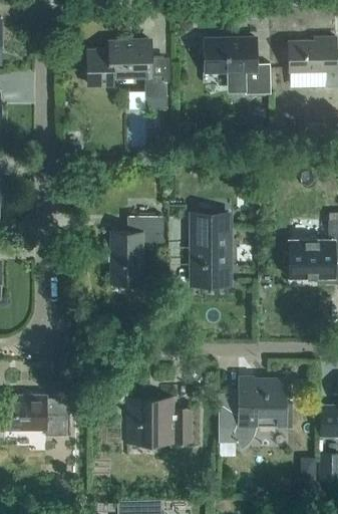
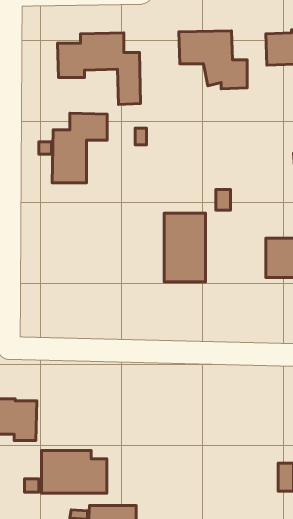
building: [110,217,163,284] -> [52,113,107,183]
building: [219,380,293,451] -> none
building: [127,401,191,442] -> [42,451,107,493]

